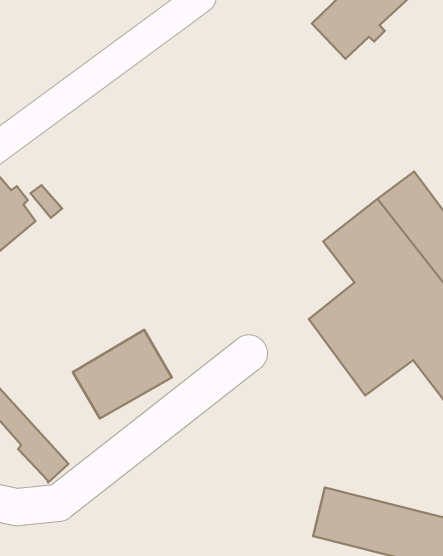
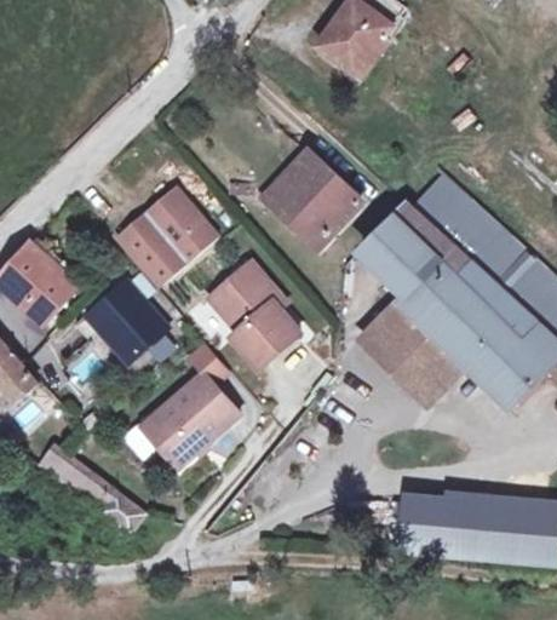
building: none -> [264,151,357,242]
building: none -> [116,188,216,282]
building: none -> [86,279,166,358]
building: none -> [208,263,299,369]

